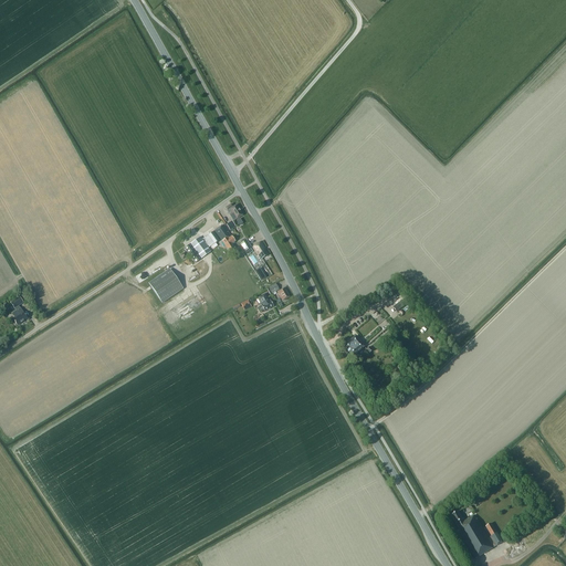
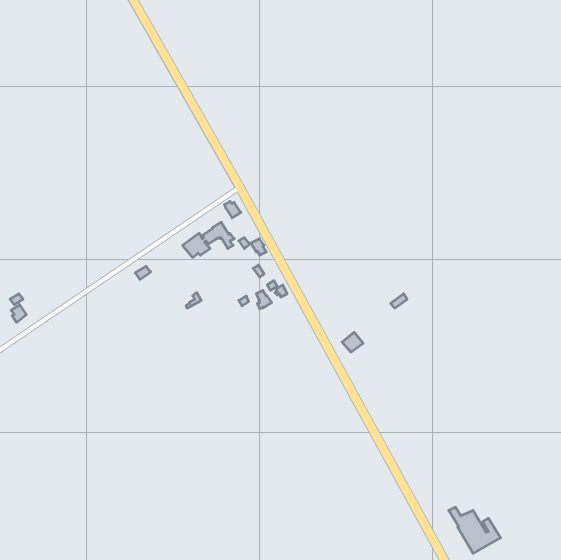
building: [149,268,184,302] -> none

